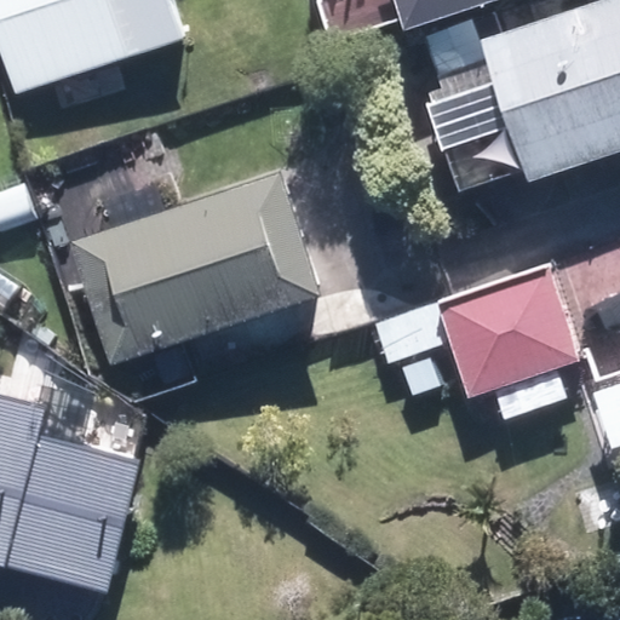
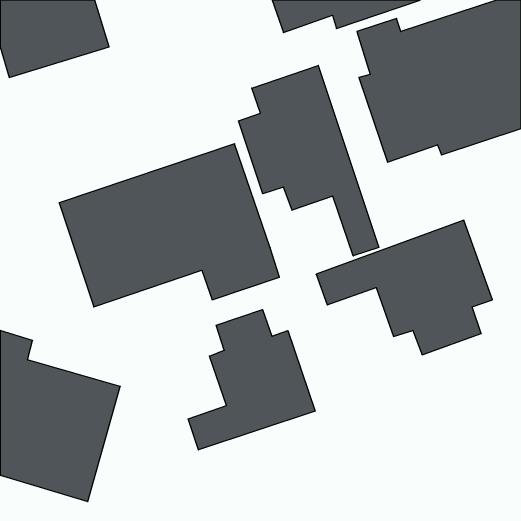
building: none -> [238,65,379,256]
building: none -> [188,310,315,450]

